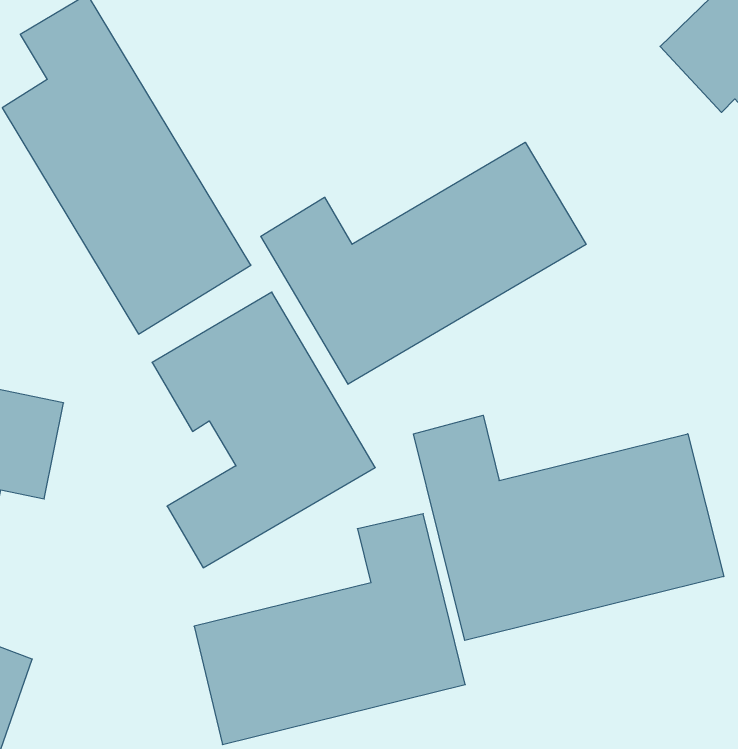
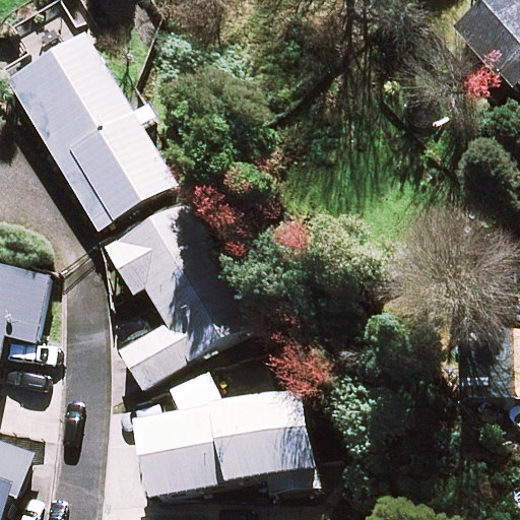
building: [261,142,586,384] -> none
building: [414,415,724,640] -> none

